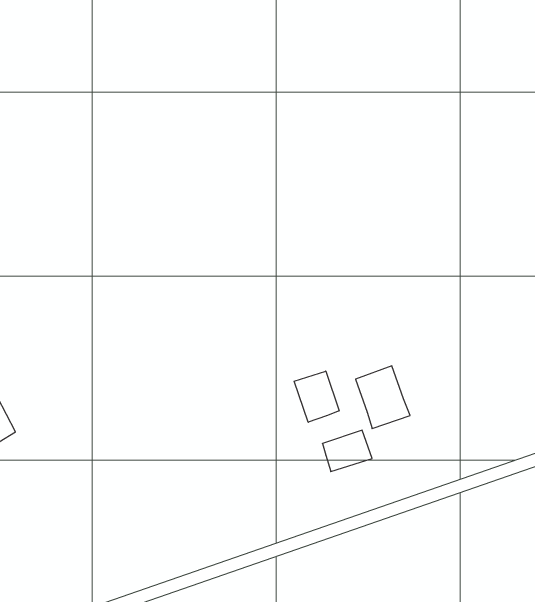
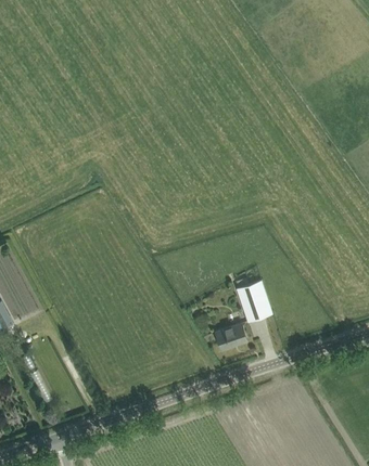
building: [294,371,339,422] -> none

